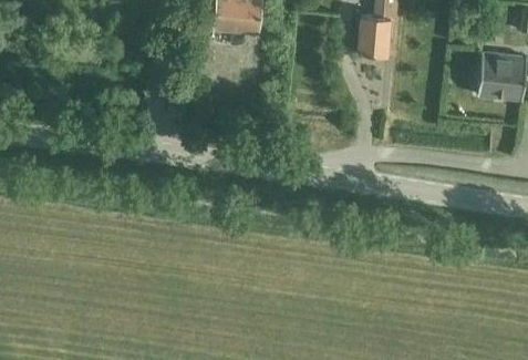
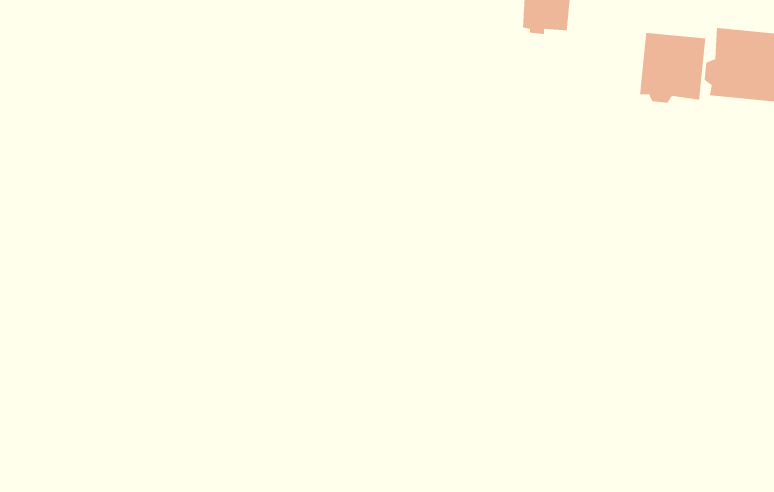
building: none -> [640,32,706,103]

